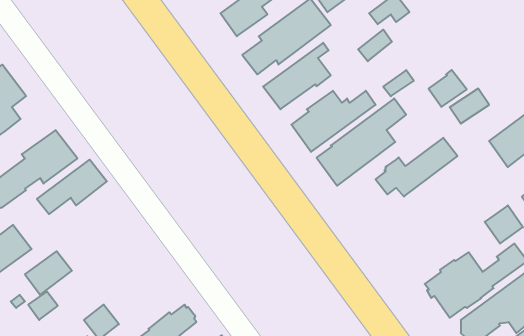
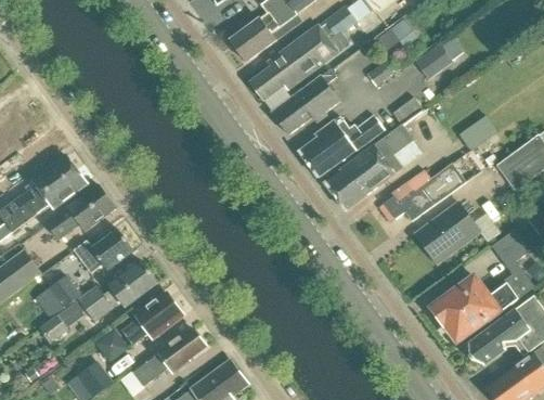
building: [429,70,467,107] -> [414,42,452,79]
building: none -> [418,202,479,260]
building: none -> [74,229,133,273]
building: none -> [78,261,157,320]
building: none -> [120,293,182,345]

